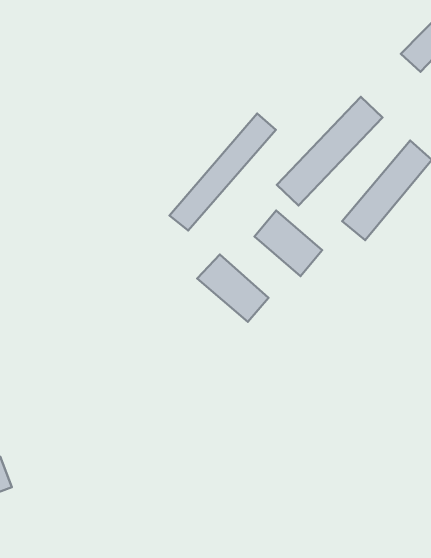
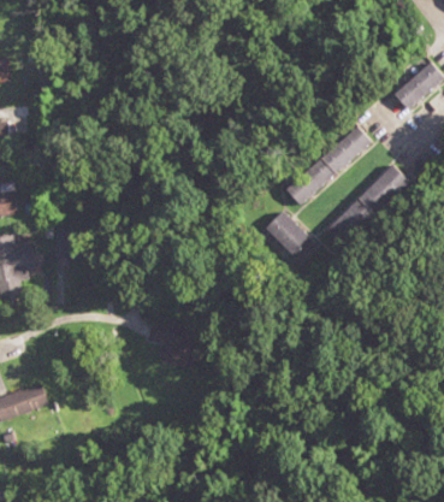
building: [169,113,276,230] -> none
building: [197,254,269,322] -> none

